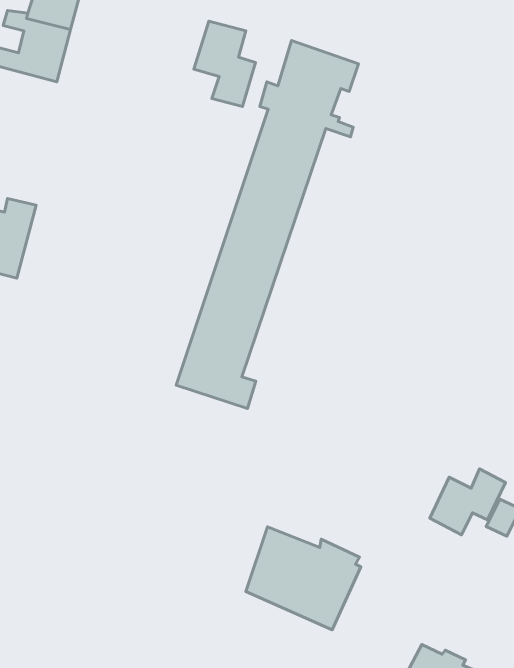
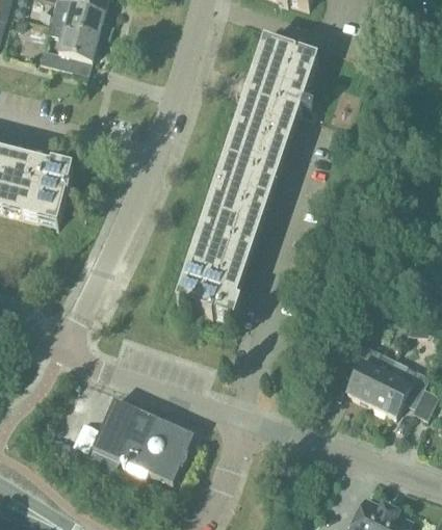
building: [194,21,255,106] -> none
building: none -> [344,338,393,401]
building: [246,527,361,630] -> [106,404,193,482]

